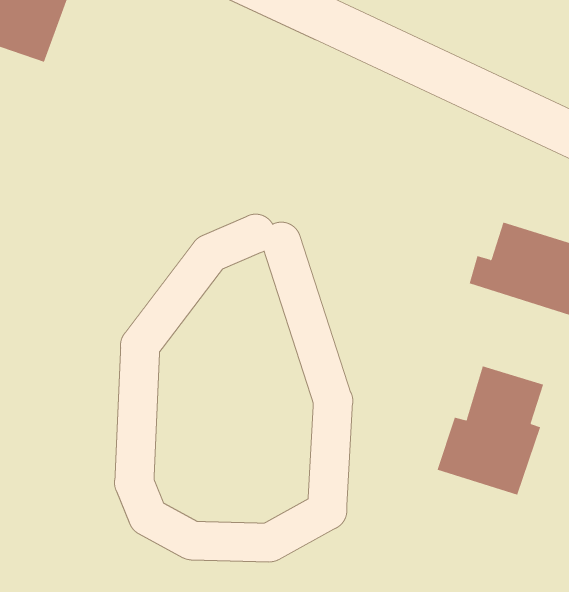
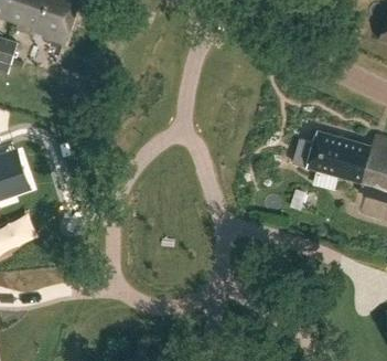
building: [437,365,544,495] -> none

